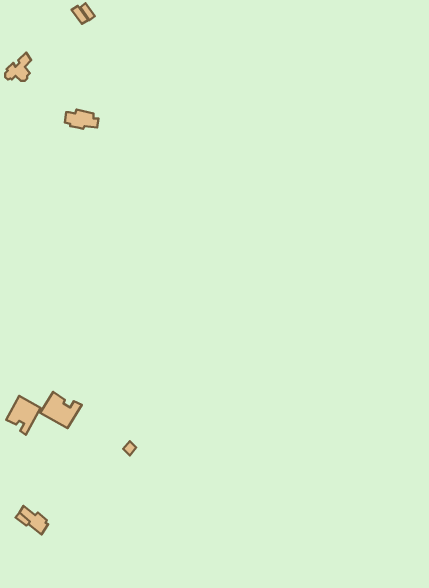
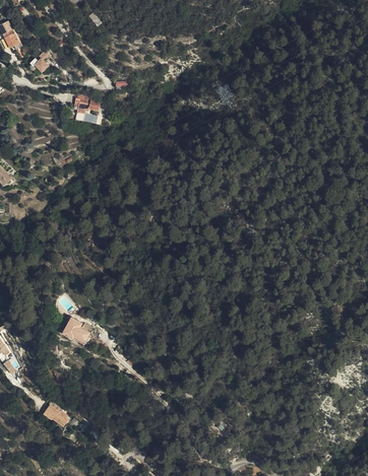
building: [6,396,40,435] -> none

